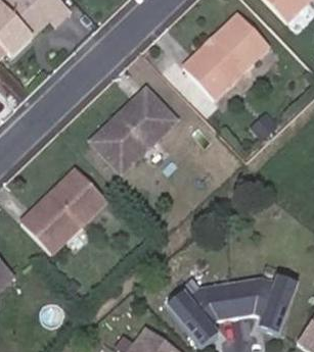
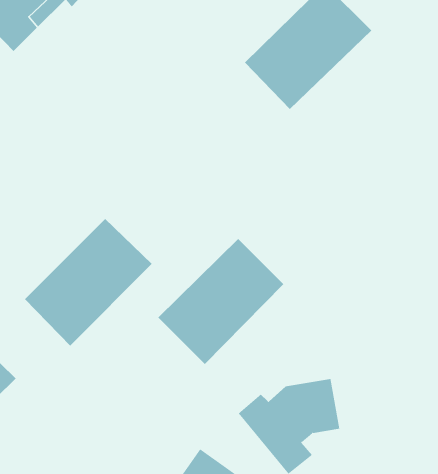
building: [91,86,176,170] -> [157,238,284,365]
building: [229,270,297,328] -> none

